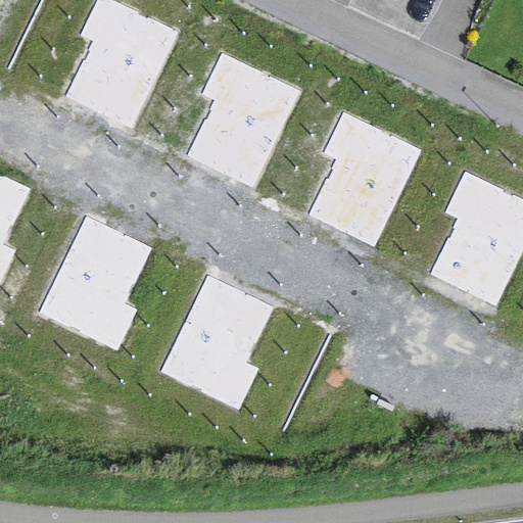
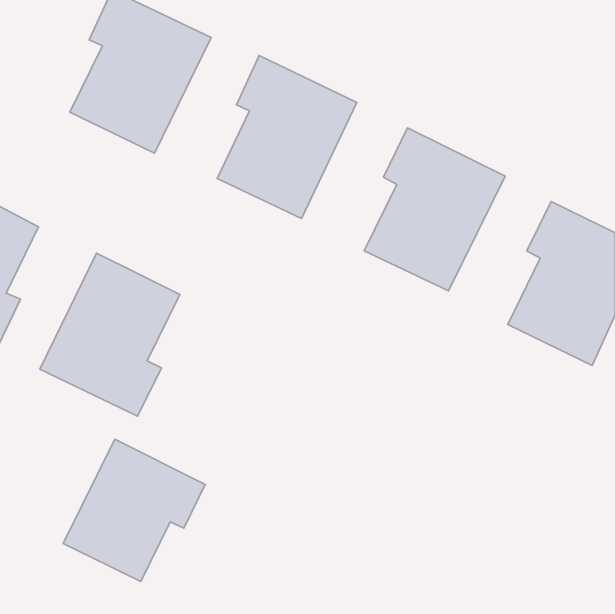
building: [152,273,271,411] -> none
building: none -> [63,439,205,581]

